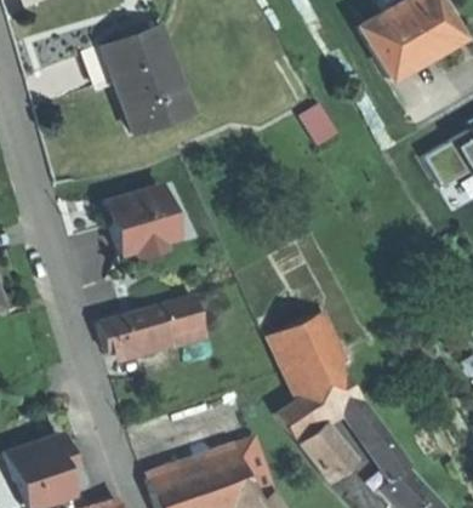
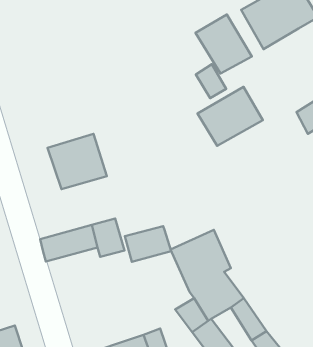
building: [89,27,193,133] -> none
building: none -> [196,14,252,74]
building: none -> [198,87,263,146]
building: none -> [125,226,171,262]

